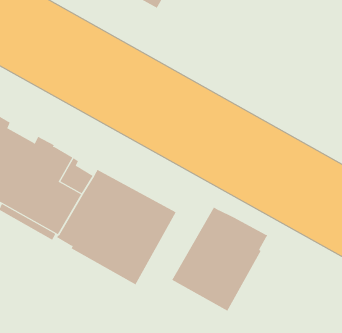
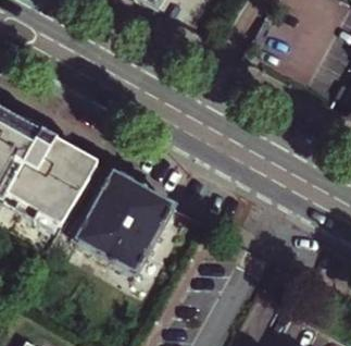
building: [171,206,268,311] -> none

